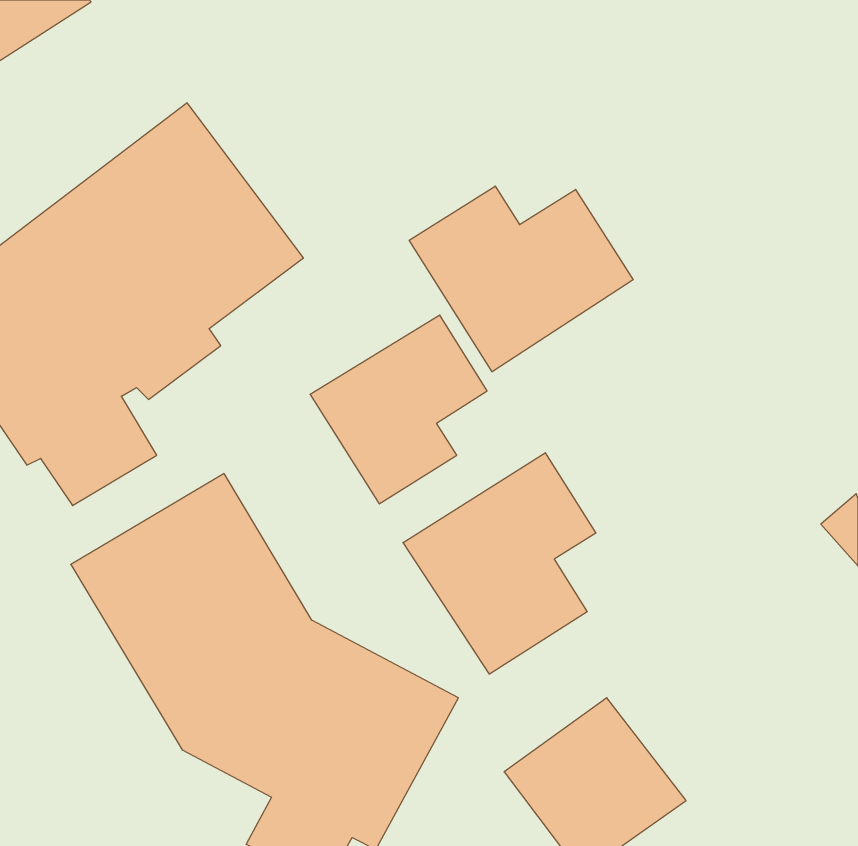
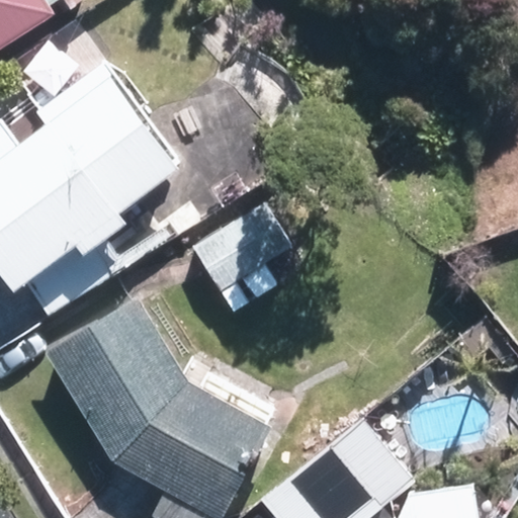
building: [409,186,633,372] -> none
building: [403,453,596,674] -> none

